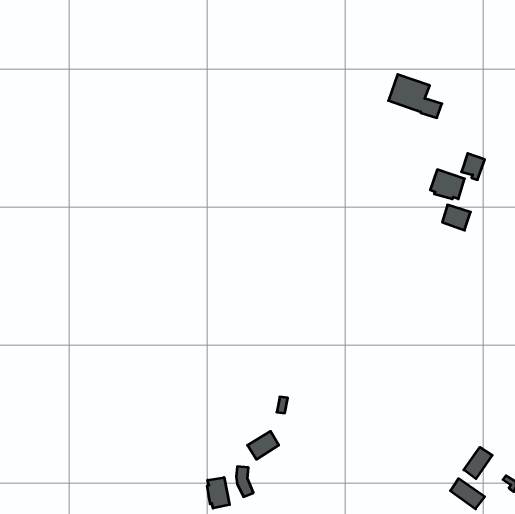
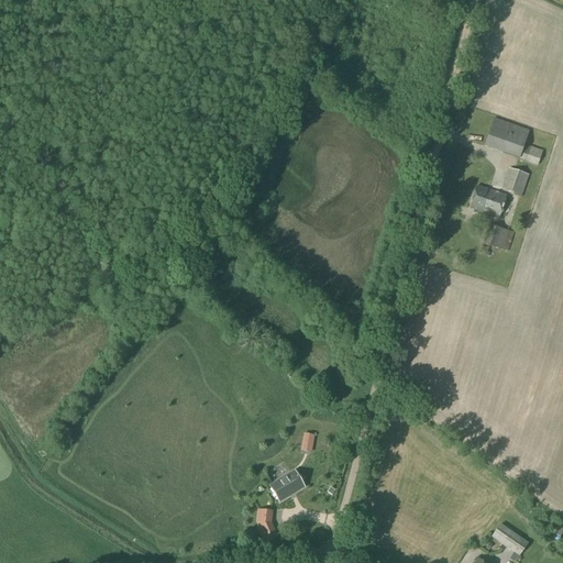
building: [388,74,442,118] -> [485,117,543,164]
building: [464,447,492,479] -> none
building: [207,477,230,508] -> none

